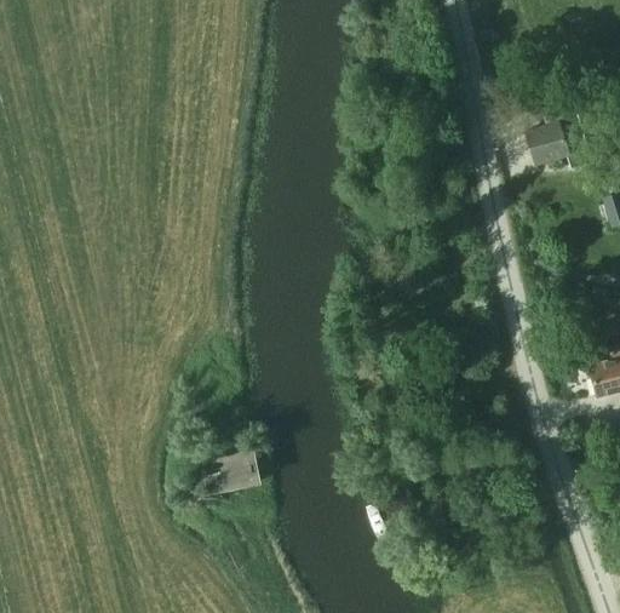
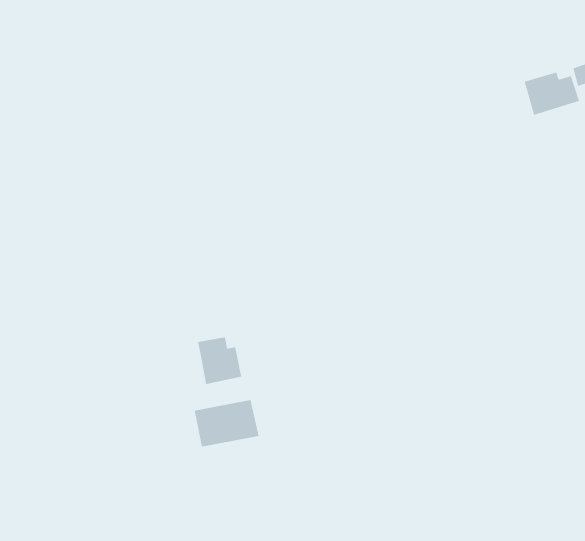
building: none -> [197,337,242,385]

